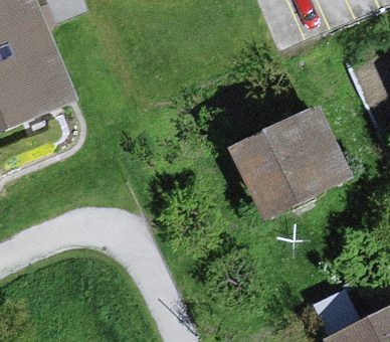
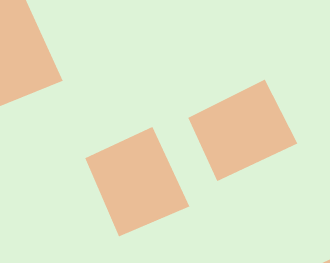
building: none -> [84,126,191,237]

